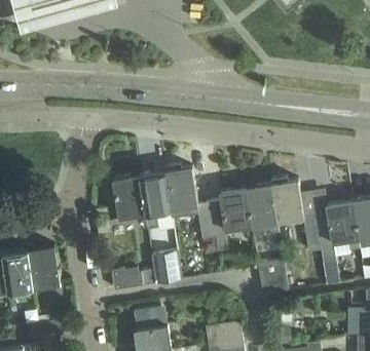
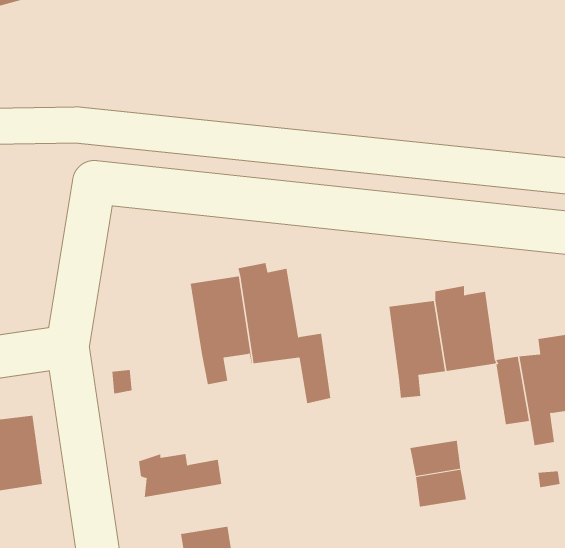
building: [112,176,145,222] -> none
building: [210,188,251,237] -> none
building: [152,251,181,283] -> none

